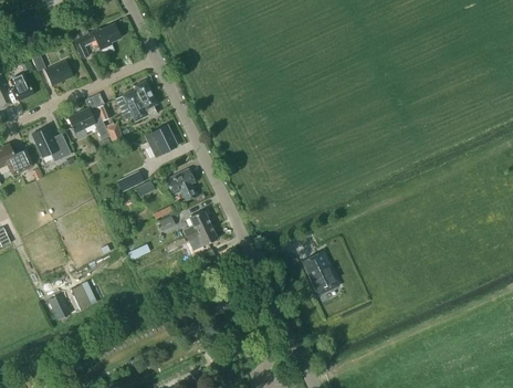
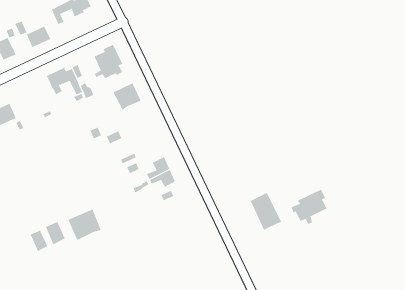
building: [31,126,71,160] -> none
building: [165,168,196,200] -> none
building: none -> [291,189,327,225]
building: none -> [68,208,101,241]

